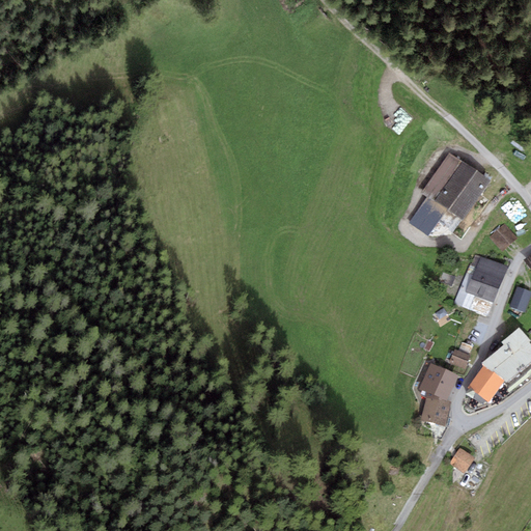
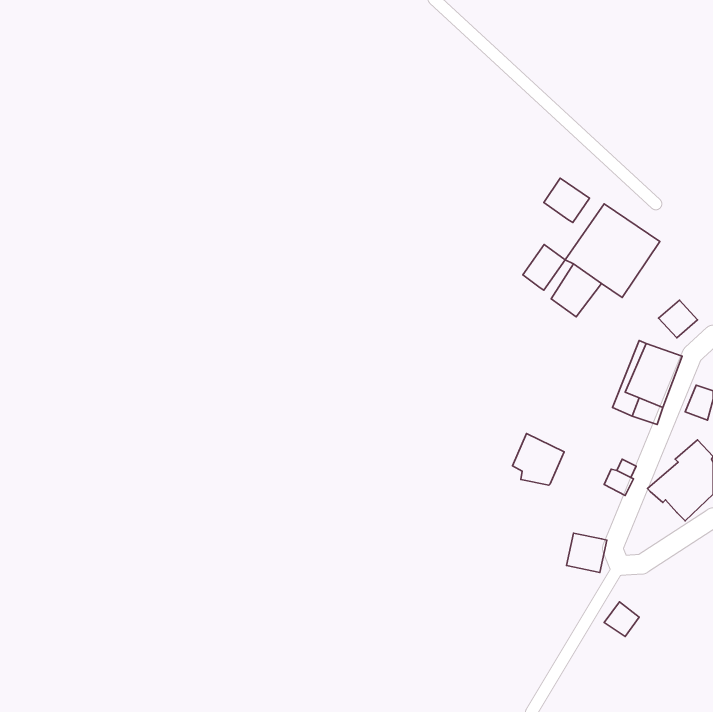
building: none -> [544,178,589,223]
building: none -> [523,244,565,290]
building: [420,362,458,400] -> [513,434,564,485]
building: [469,365,503,400] -> none

